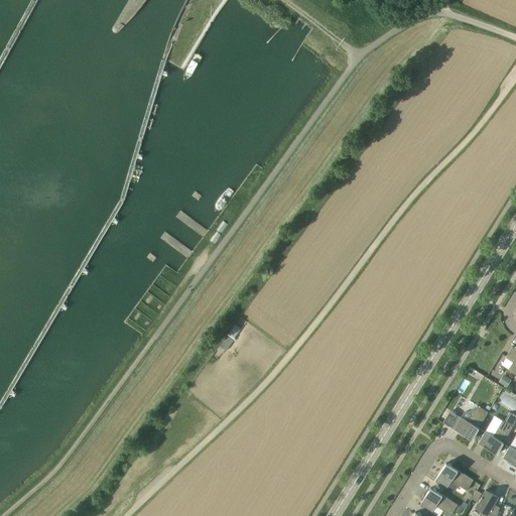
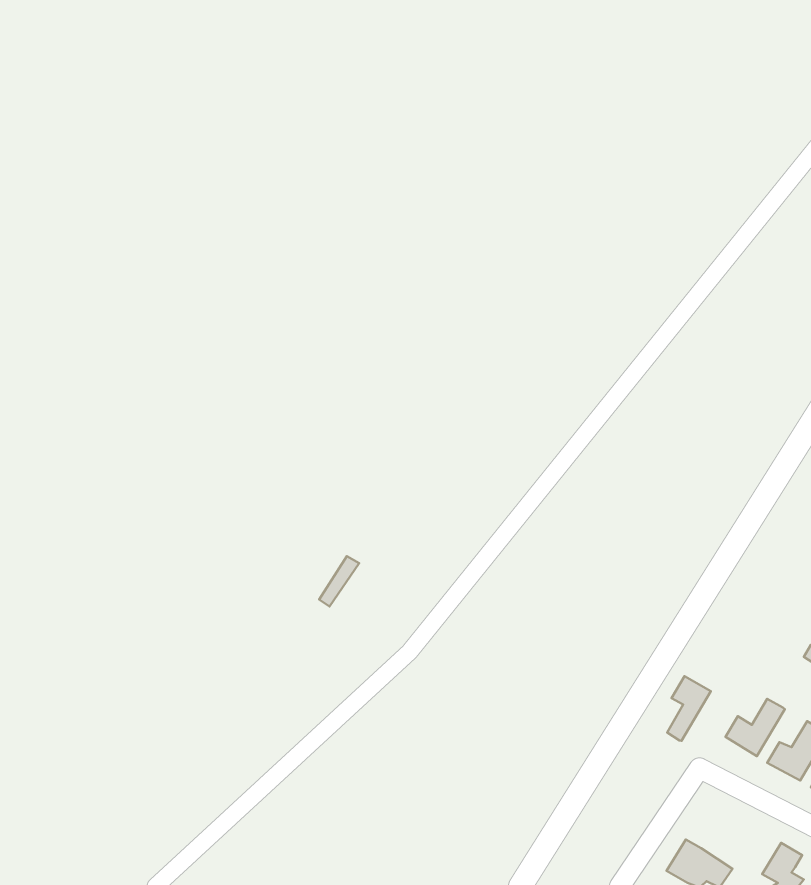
building: none -> [667,676,711,741]
building: [434,463,473,492] -> none

